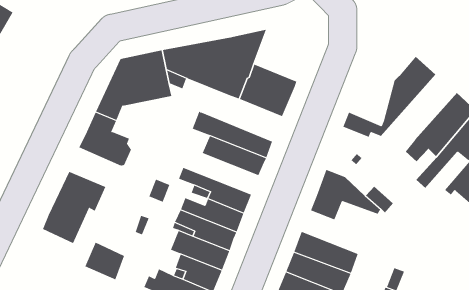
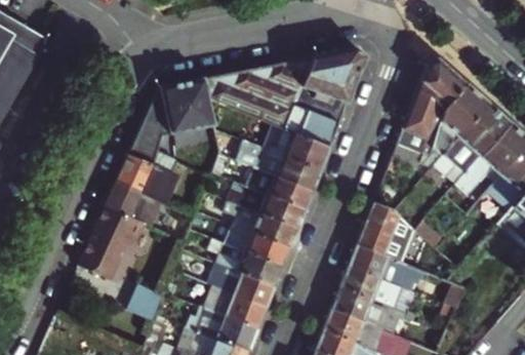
building: none -> [298,49,364,112]
building: none -> [397,61,467,158]
building: none -> [430,105,510,176]
building: none -> [243,126,328,174]
building: none -> [106,181,160,224]
building: none -> [225,187,304,230]
building: none -> [348,246,425,294]

